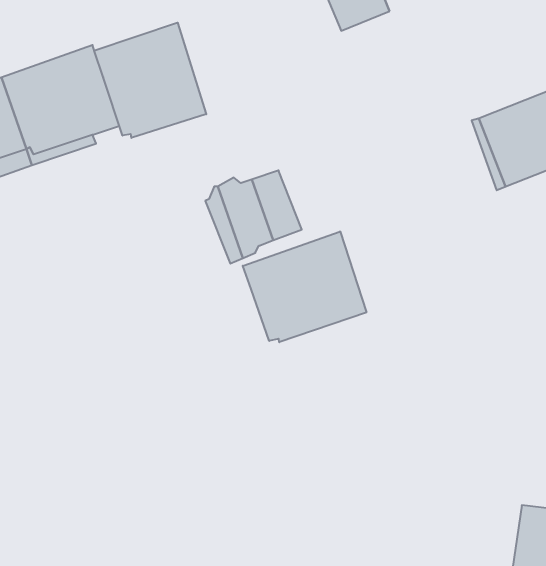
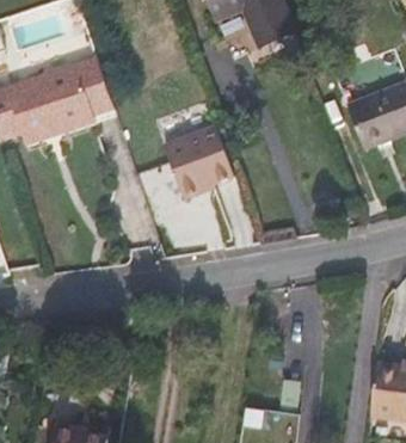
building: [94,23,206,138] -> none
building: [243,231,366,342] -> none

